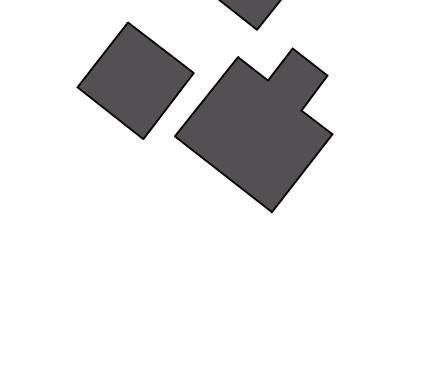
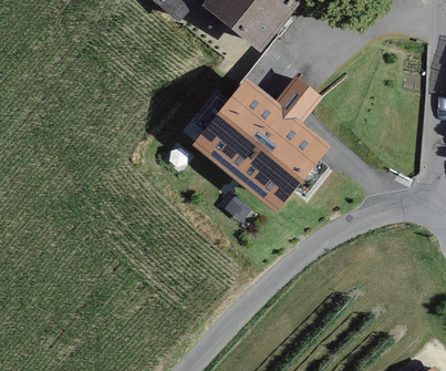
building: [77,23,194,139] -> none

